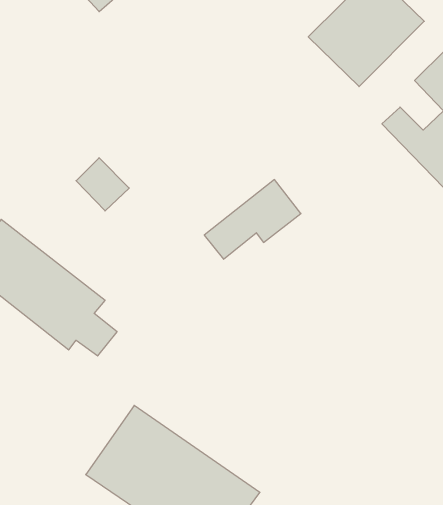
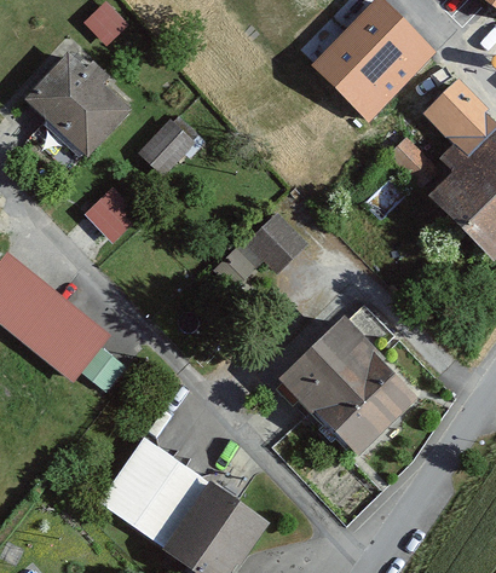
building: none -> [21,42,126,155]
building: none -> [145,120,194,169]
building: none -> [272,313,417,458]

